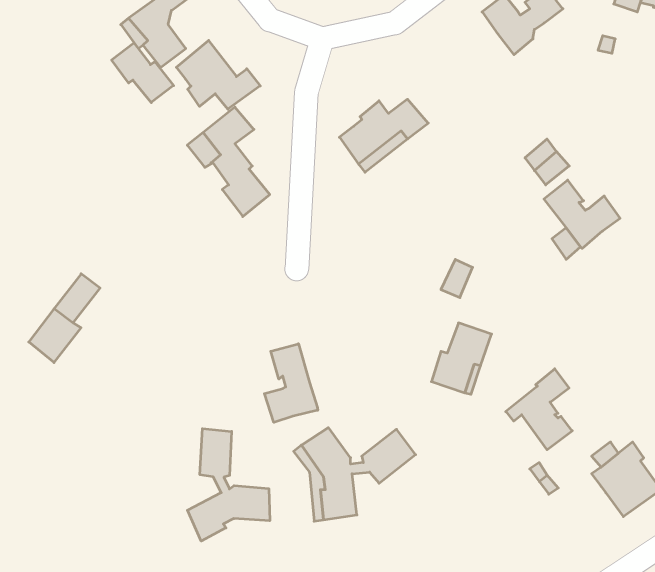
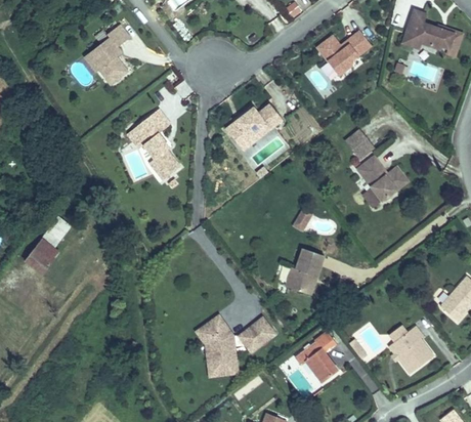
building: [176,40,260,109] -> none
building: [112,43,174,103] -> none
building: [264,344,318,422] -> none
building: [506,369,572,450] -> [295,331,338,383]
building: [187,429,270,541] -> none

